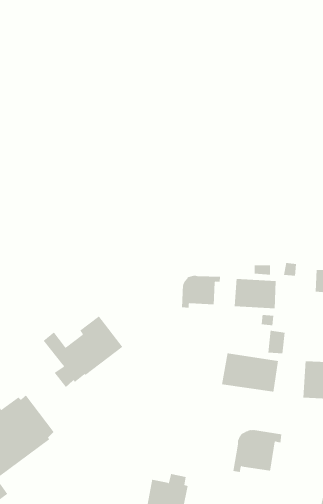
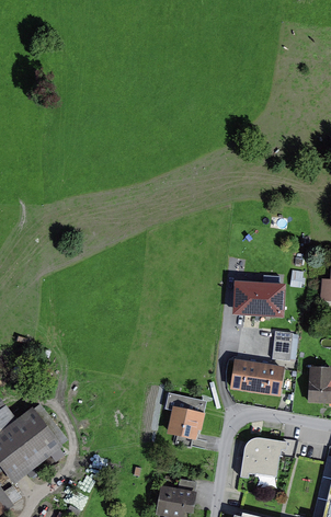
building: [182,275,220,308] -> none
building: [43,316,123,388] -> none
building: none -> [168,404,204,446]

